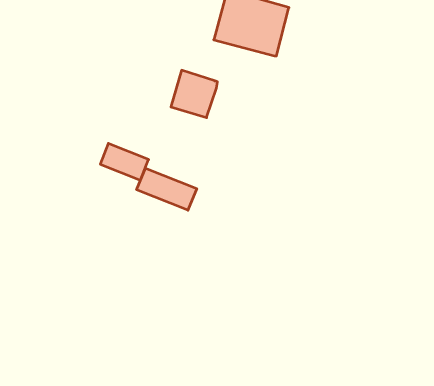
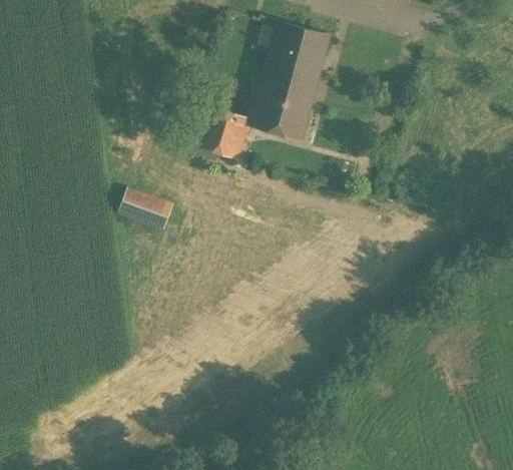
building: none -> [243,70,315,137]
building: [137,168,197,210] -> none

